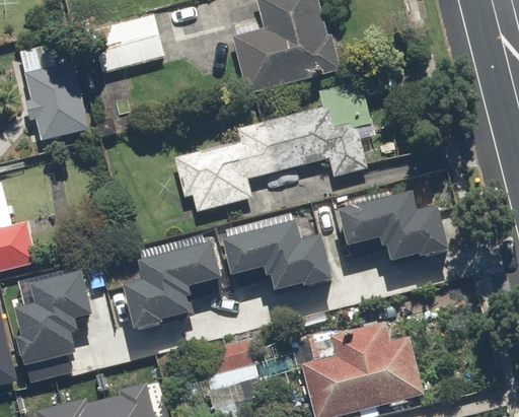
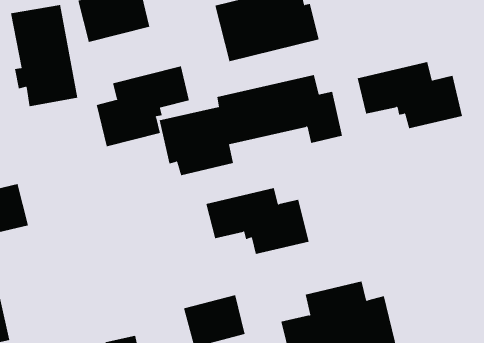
building: none -> [96,66,190,147]
building: [338,193,448,263] -> [357,62,463,129]
building: [122,246,222,329] -> none
building: [14,273,90,367] -> none

